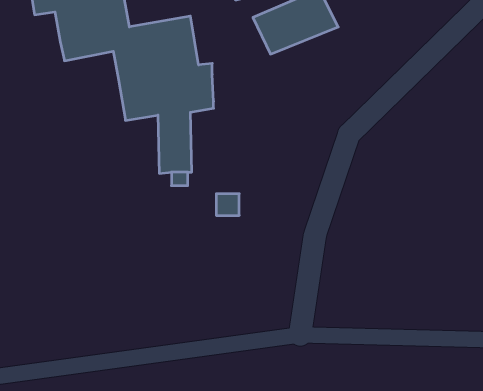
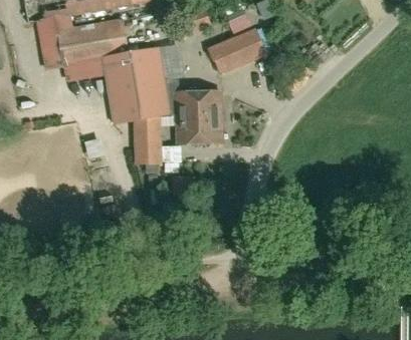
building: none -> [176,89,223,143]

